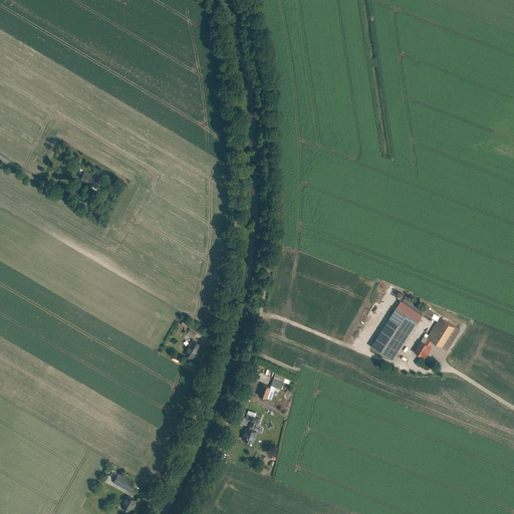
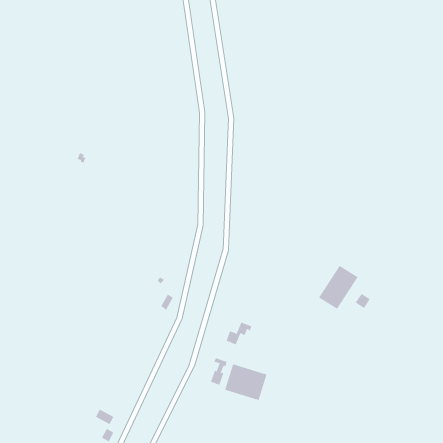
building: [426,318,453,347] -> none
building: none -> [224,363,267,401]

